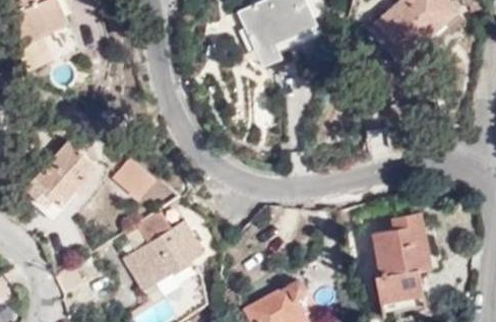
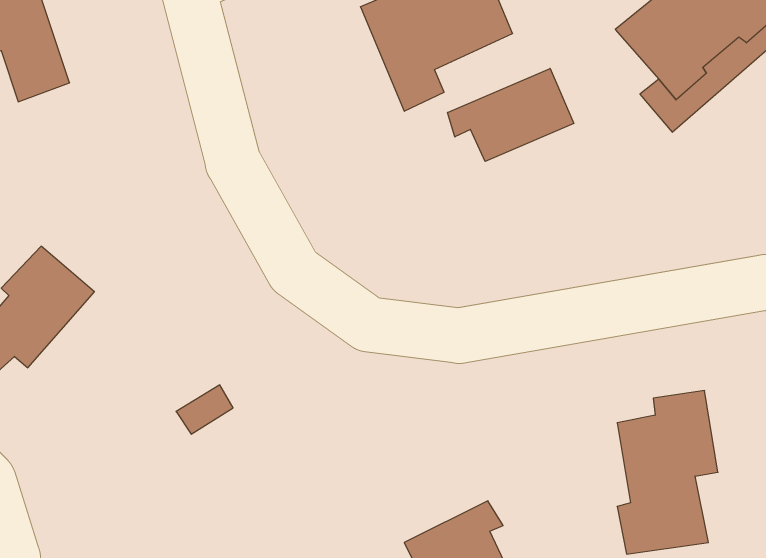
building: none -> [448,68,574,161]
building: [113,158,156,199] -> none
building: [122,226,203,294] -> none

